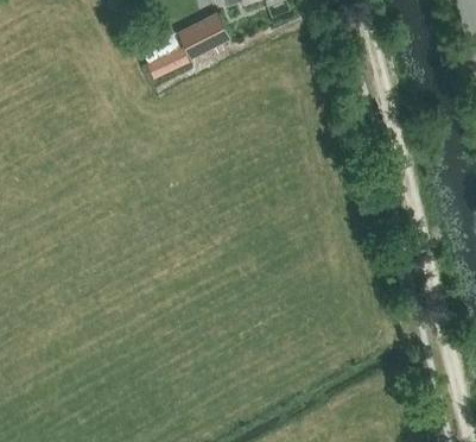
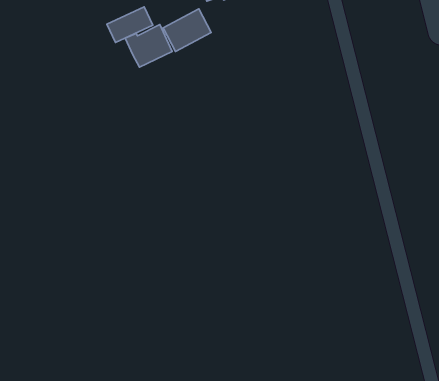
building: none -> [107,7,153,43]

